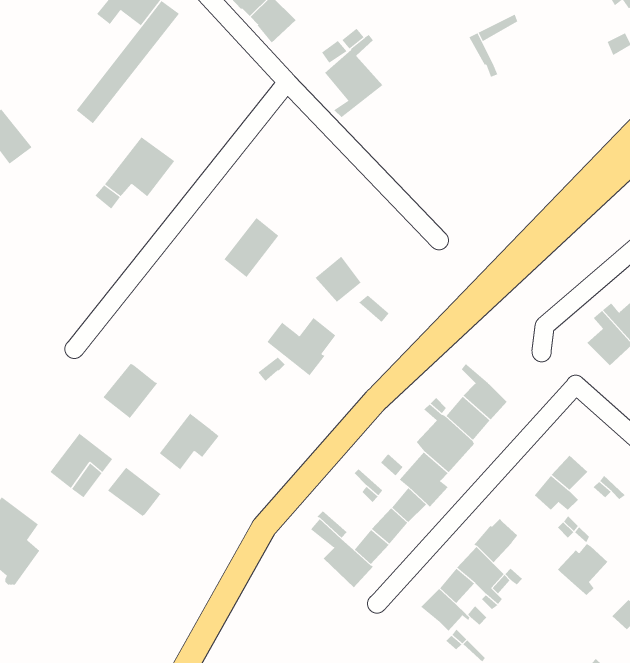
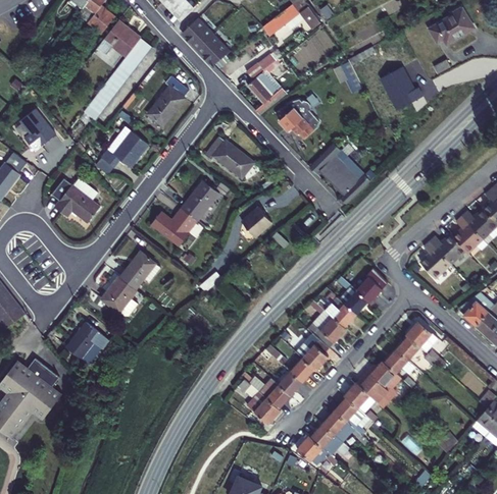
building: none -> [380,66,423,111]
building: none -> [146,76,188,127]
building: none -> [278,102,314,131]
building: none -> [203,135,254,178]
building: none -> [308,144,368,204]
building: none -> [51,177,99,222]
building: [266,317,336,376] -> [150,208,196,246]
building: none -> [355,268,388,303]
building: [159,413,219,470] -> [121,251,161,288]
building: none -> [406,321,438,352]
building: [107,467,162,517] -> none
building: [557,543,608,596] -> [362,361,396,395]
building: none -> [296,434,322,464]

